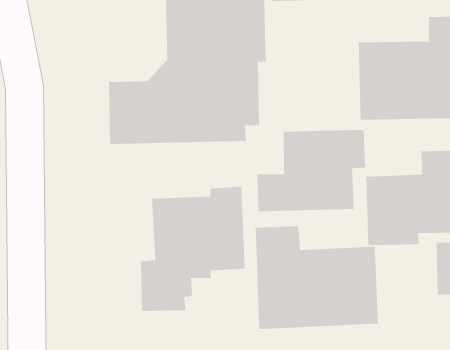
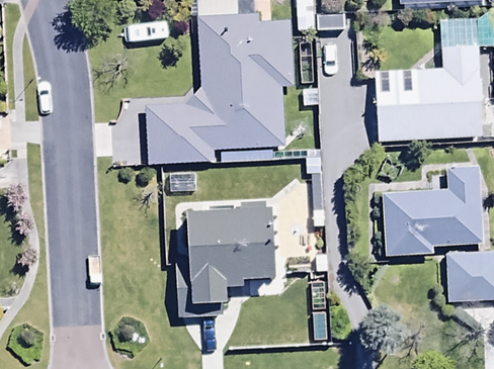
building: [257,129,365,212] -> none
building: [255,225,378,330] -> none

